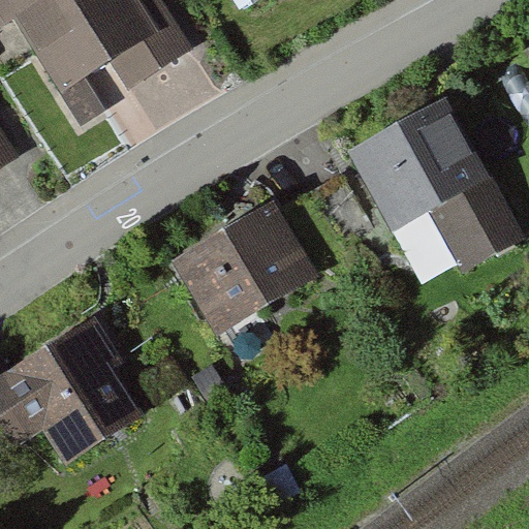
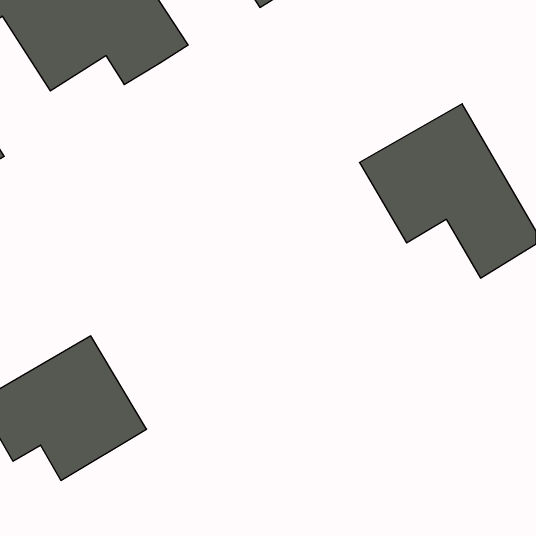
building: [169,198,319,336] -> none

